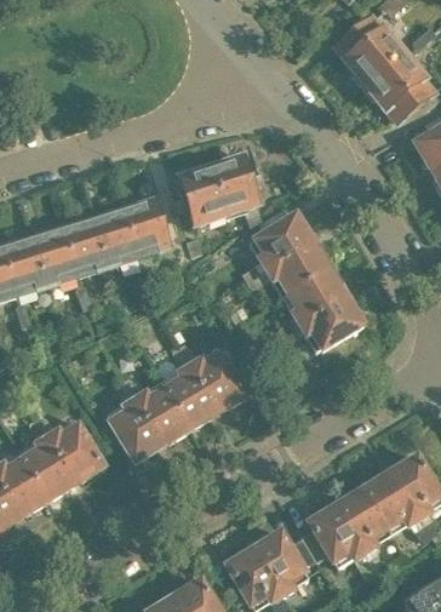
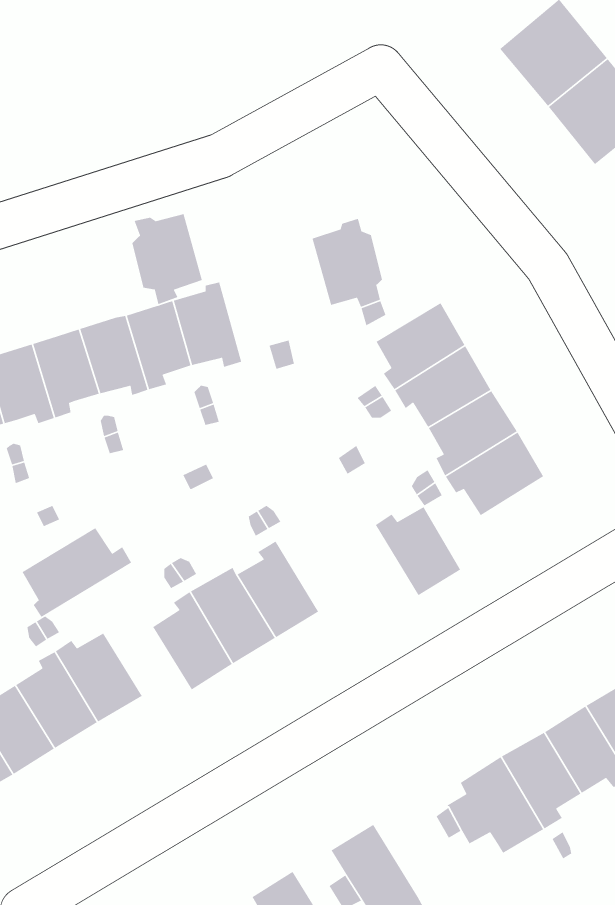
building: [178,168,224,228] -> [132,213,203,305]
building: [189,351,245,410] -> [375,506,461,596]
building: none -> [21,527,132,618]
building: [252,530,303,594] -> none

